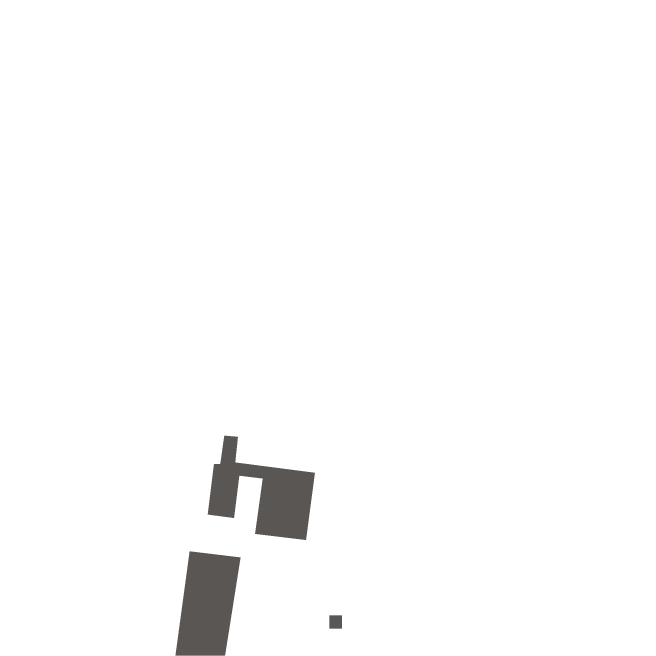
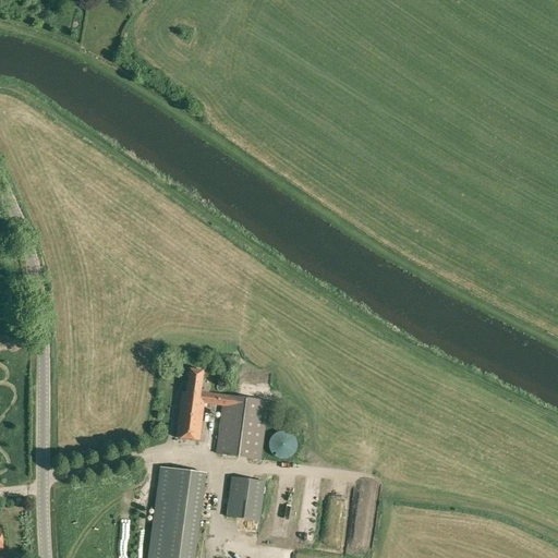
building: none -> [268,432,296,460]
building: none -> [226,477,265,522]

